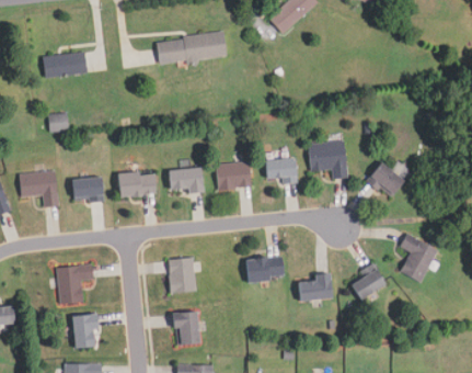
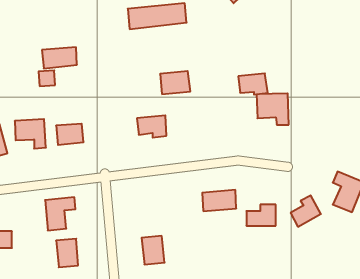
building: [45,53,87,78] -> [42,47,77,68]
building: [263,157,298,182] -> [238,73,268,95]
building: [366,160,411,197] -> none
building: [216,161,252,189] -> [160,71,190,94]
building: [115,170,158,196] -> none
building: [168,258,196,293] -> none

